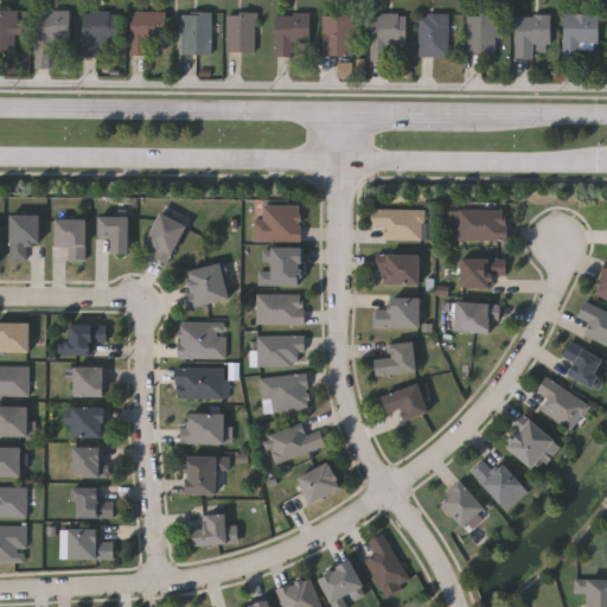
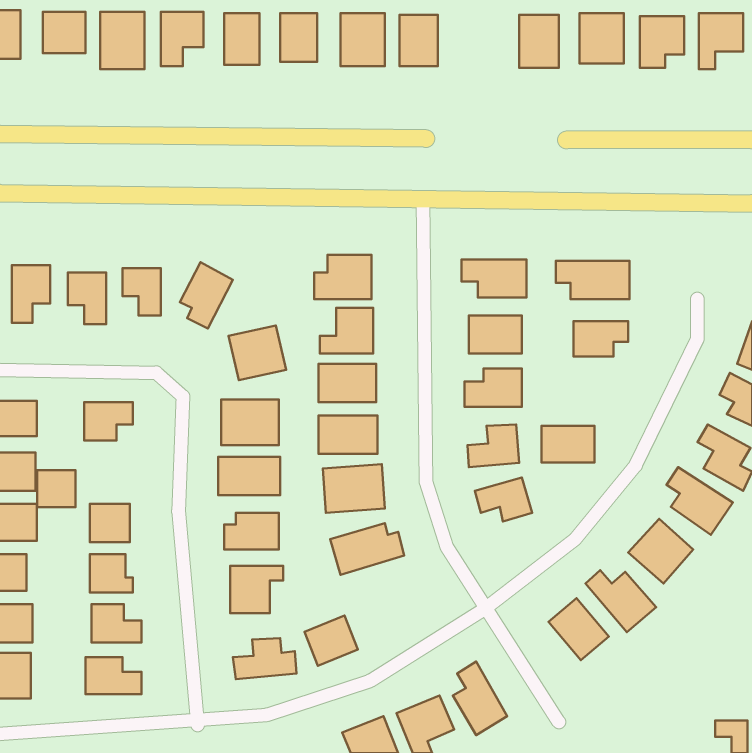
building: [370,12,404,58] -> none
building: [455,302,498,332] -> [542,426,595,463]
building: [75,366,106,396] -> [37,470,76,507]
building: [299,461,341,501] -> [305,616,358,666]

